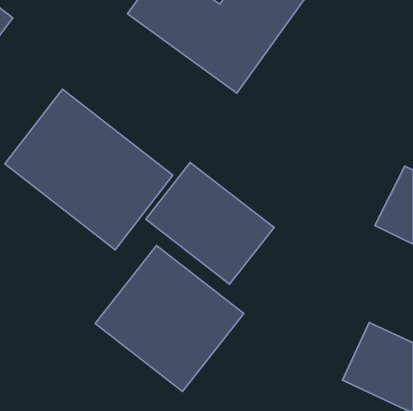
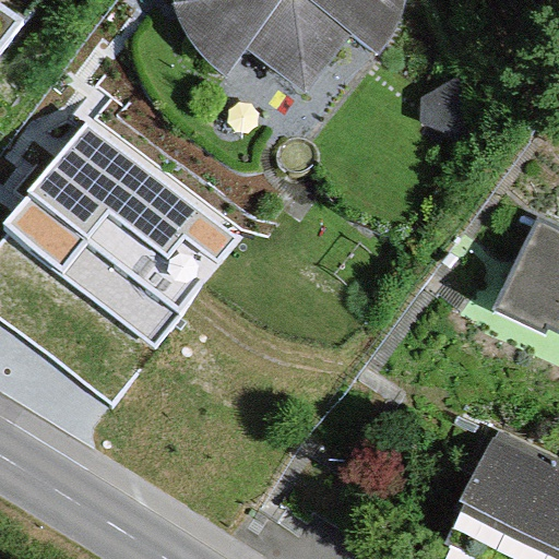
building: [146,162,274,284] -> none
building: [95,246,244,392] -> none

